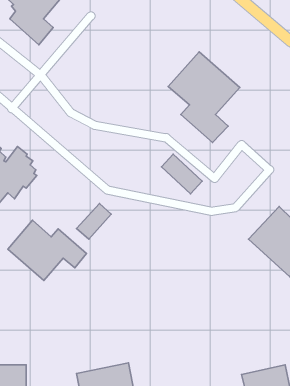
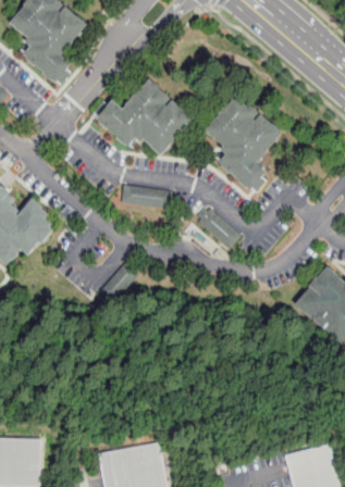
building: none -> [93,77,193,155]
building: none -> [118,186,169,209]
building: [8,220,86,281] -> none

